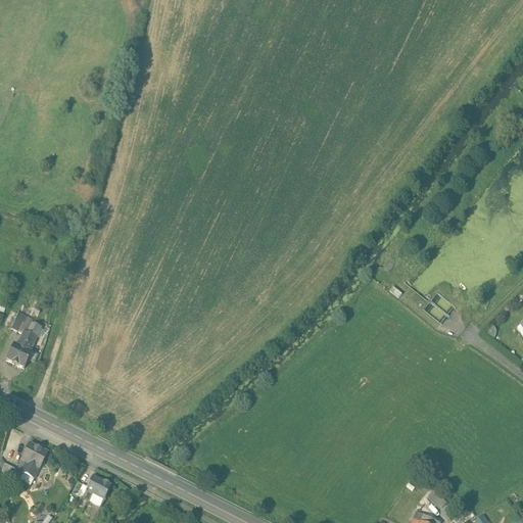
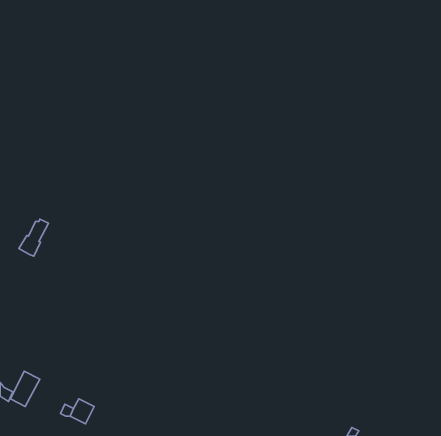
building: [7,320,42,364] -> [19,219,48,256]

